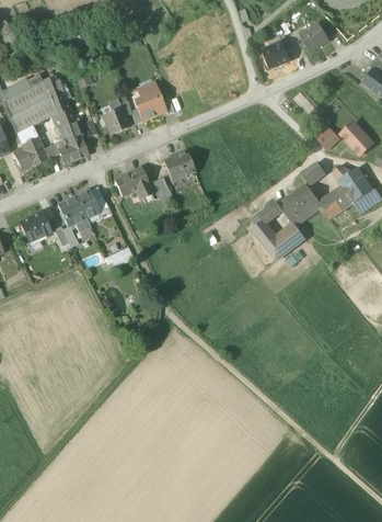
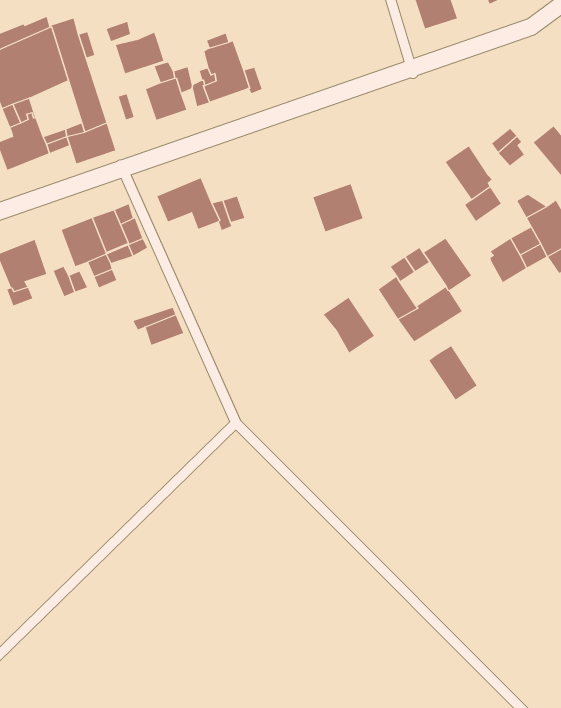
building: none -> [115,32,164,74]
building: [163,150,195,181] -> [313,183,363,232]
building: [291,183,321,216] -> [445,146,492,200]
building: none -> [323,297,375,353]
building: none -> [428,346,478,400]

